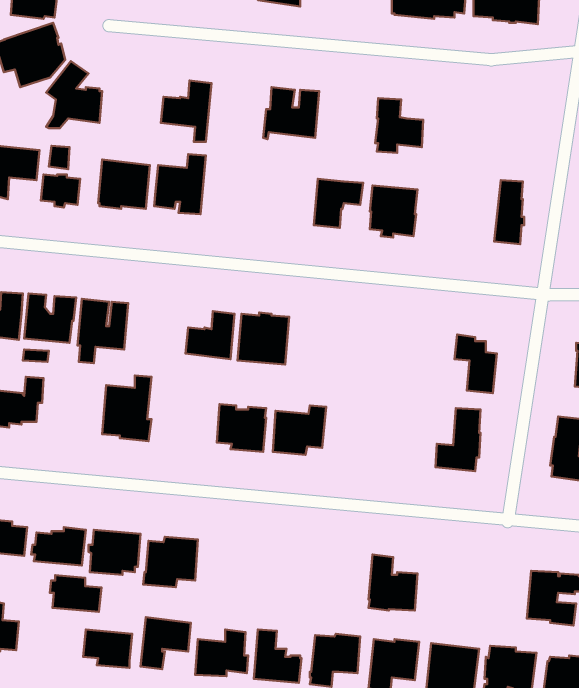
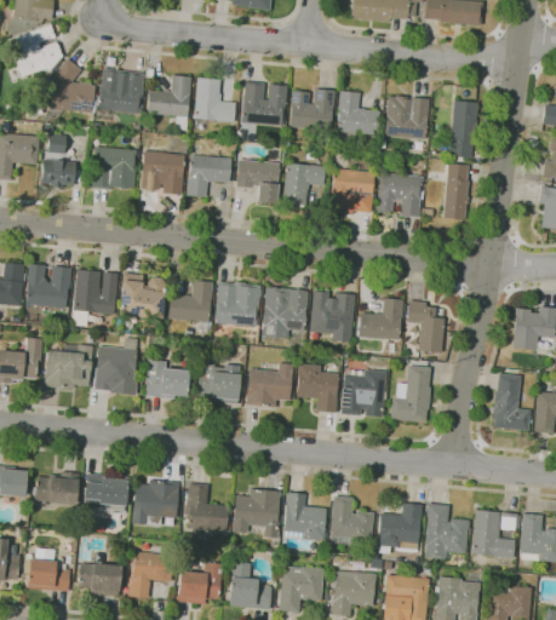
building: none -> [96,68,144,114]
building: none -> [194,78,236,130]
building: none -> [291,88,334,130]
building: none -> [384,96,429,138]
building: none -> [449,101,477,156]
building: none -> [187,155,231,196]
building: none -> [237,159,280,202]
building: none -> [377,172,423,217]
building: none -> [119,272,165,318]
building: none -> [262,287,308,339]
building: none -> [310,291,355,341]
building: none -> [359,298,402,339]
building: none -> [45,344,93,389]
building: none -> [145,360,189,398]
building: none -> [296,363,338,412]
building: none -> [340,369,386,417]
building: none -> [184,482,228,530]
building: none -> [234,488,280,536]
building: none -> [283,492,326,540]
building: none -> [374,503,422,552]
building: none -> [424,503,470,558]
building: [50,575,102,612] -> [24,558,70,591]

